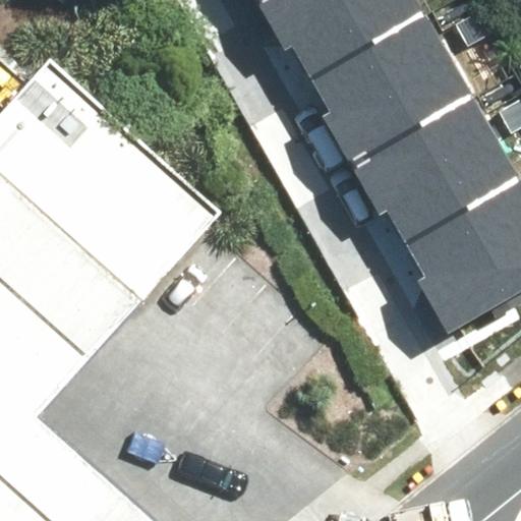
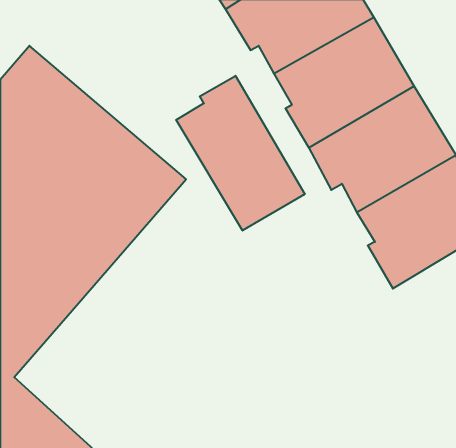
building: none -> [176,76,305,231]

